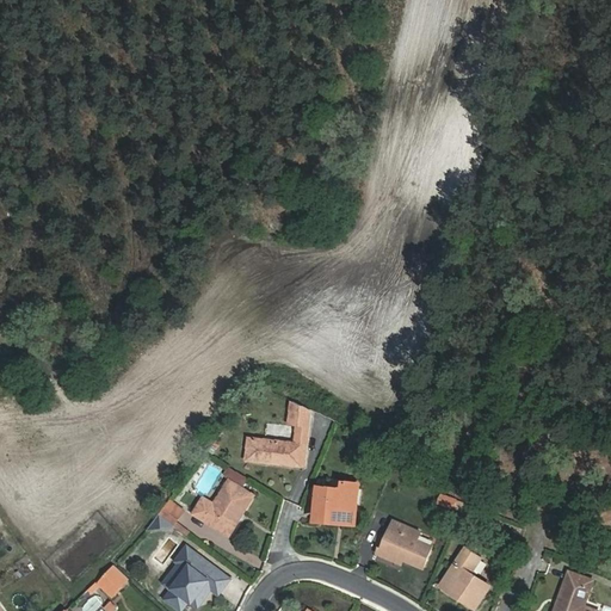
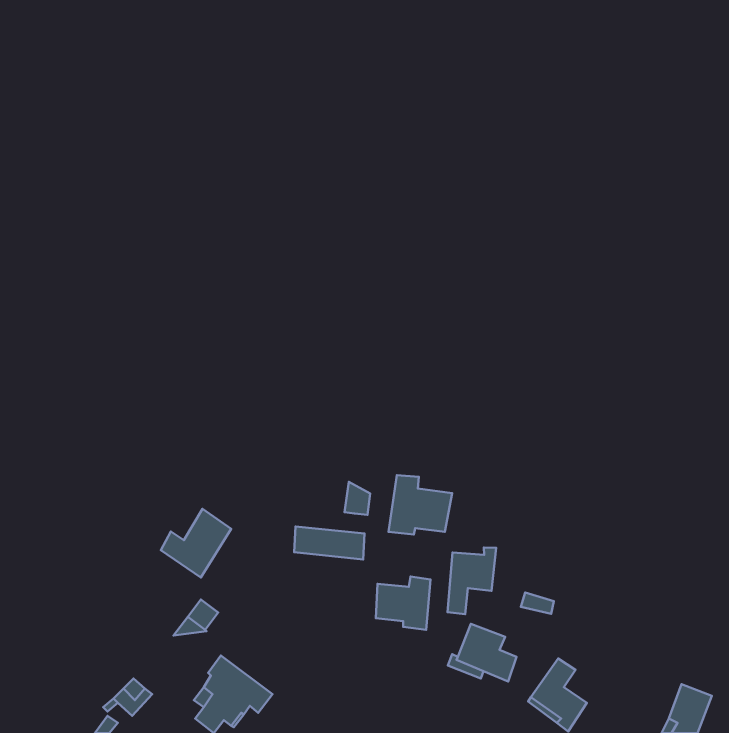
building: none -> [389,475,452,535]
building: none -> [447,547,496,614]
building: [192,477,251,535] -> [161,509,231,578]

